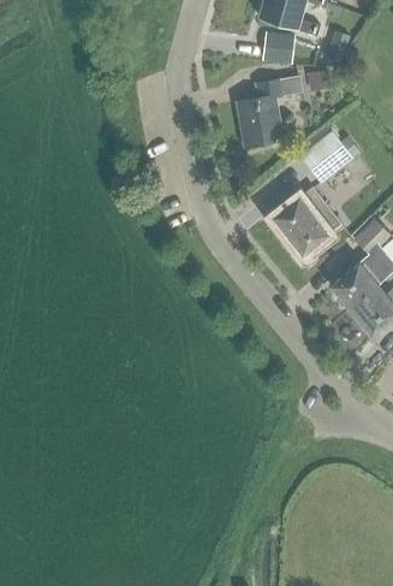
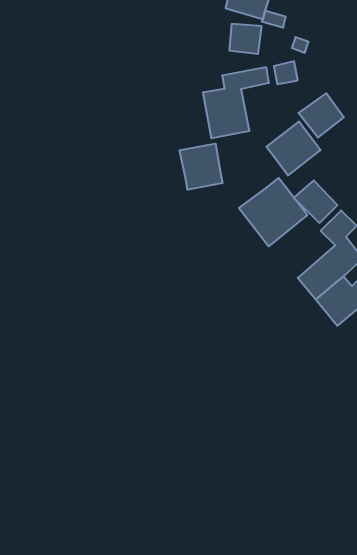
building: none -> [298,93,344,138]
building: none -> [180,144,222,190]
building: none -> [294,180,337,223]

